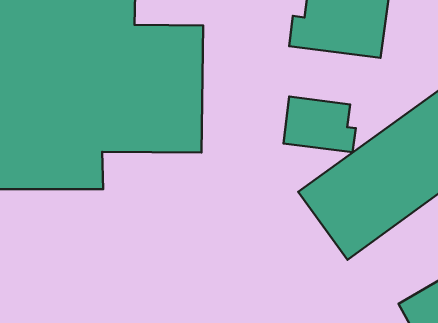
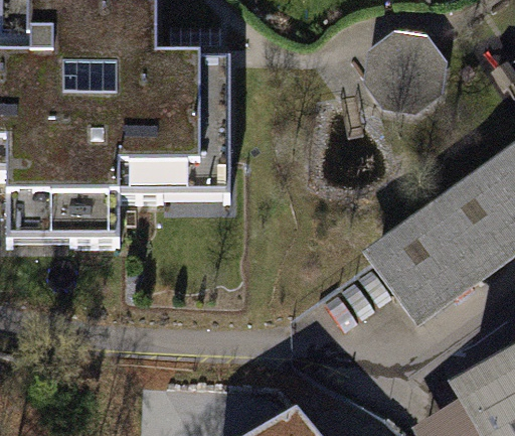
building: [283,96,356,152] -> none

